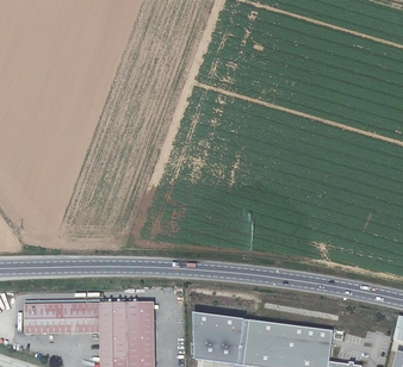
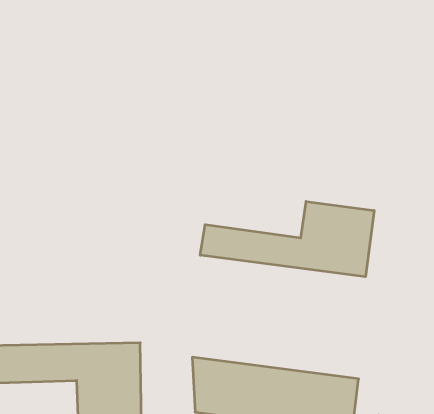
building: none -> [200,201,374,277]

